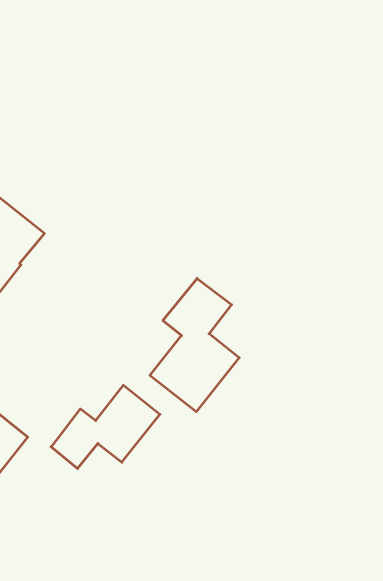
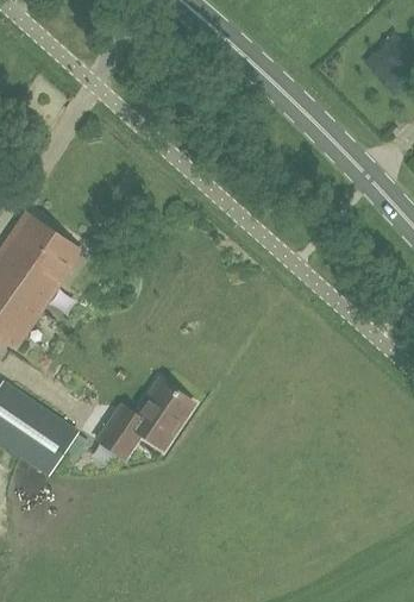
building: [150,278,239,412] -> none

